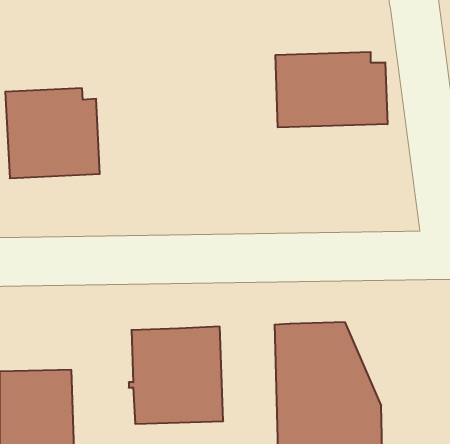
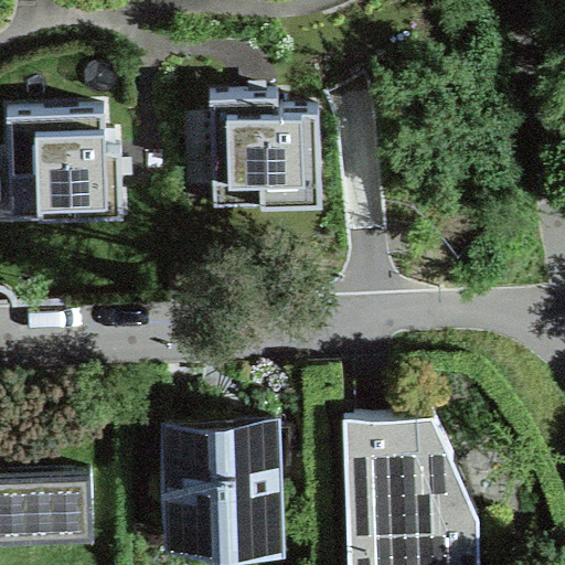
building: [276,52,387,127] -> none
building: none -> [210,104,318,221]

